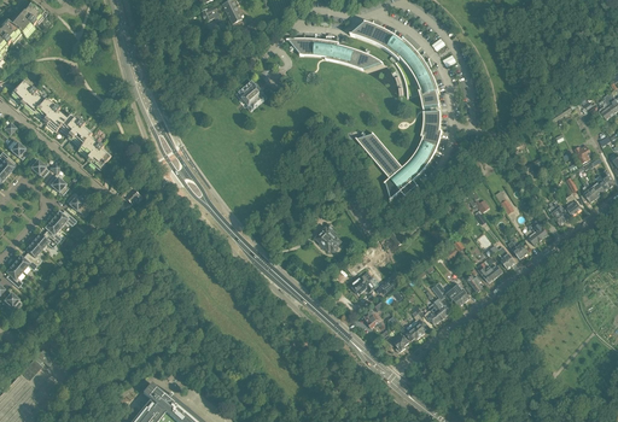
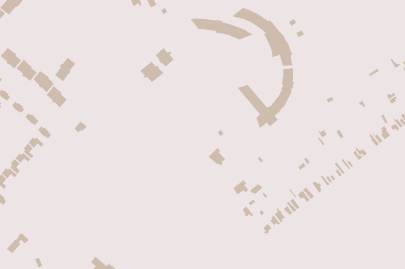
building: none -> [52,57,76,82]
building: none -> [140,61,164,85]

